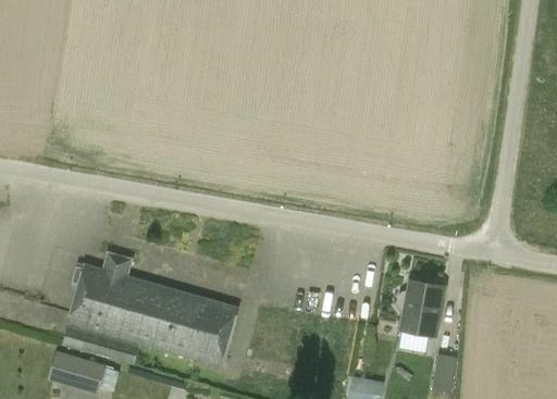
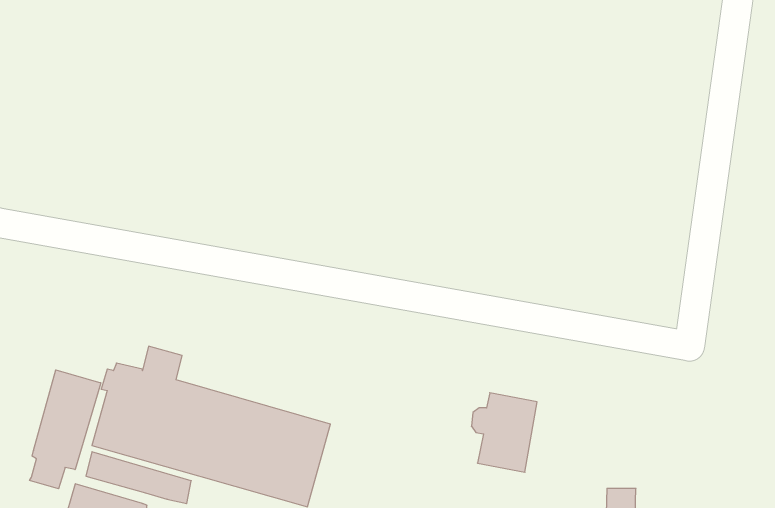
building: none -> [30,370,101,489]
building: [397,280,444,337] -> [471,393,537,472]

